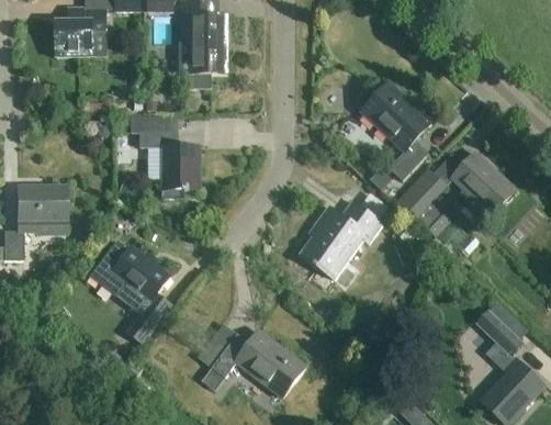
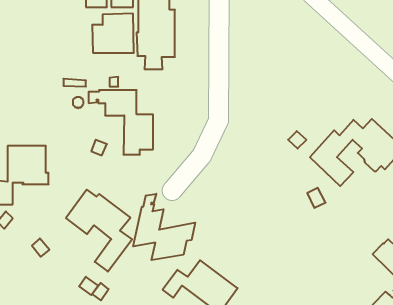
building: [55,7,108,56] -> [92,14,134,53]
building: [361,81,430,179] -> none
building: [300,189,392,288] -> none
building: none -> [133,194,195,260]

